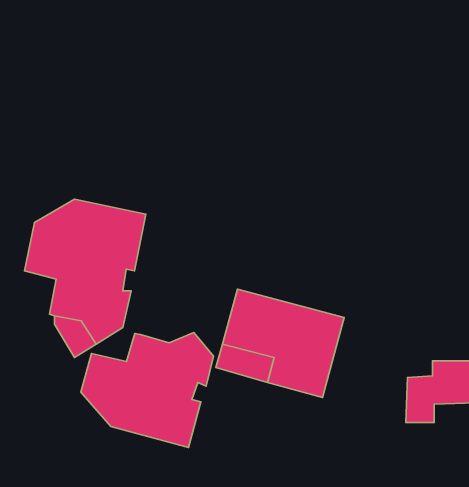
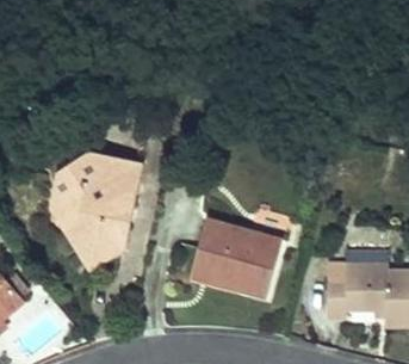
building: [81,333,213,448] -> none

